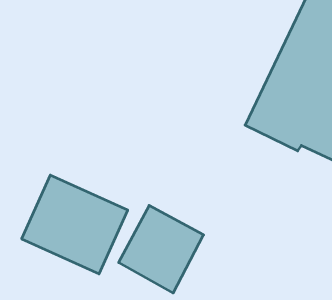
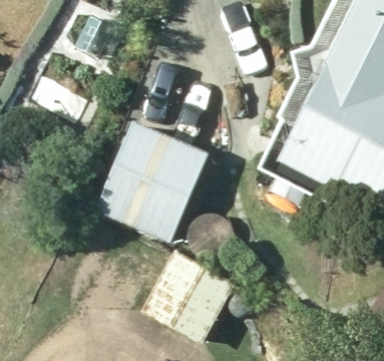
building: [22,175,128,274] -> [96,132,212,240]

